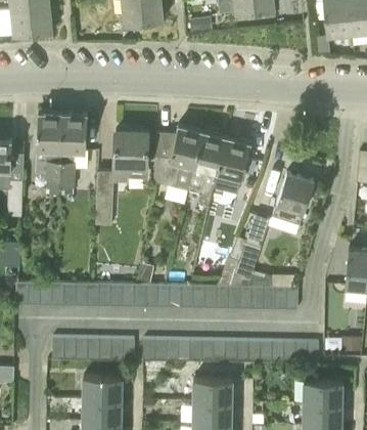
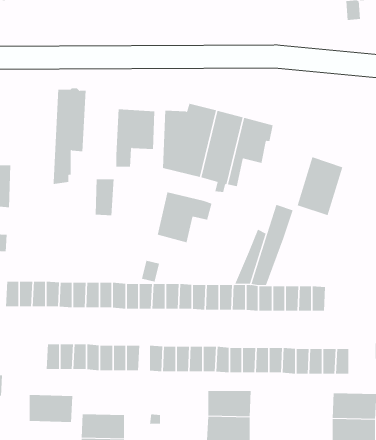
building: [35,111,61,196] -> none
building: none -> [157,191,212,243]
building: [83,376,122,400] -> [29,395,73,422]

